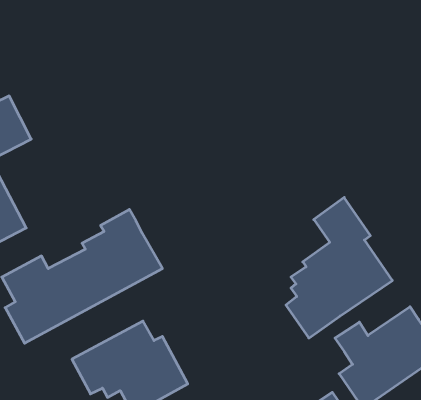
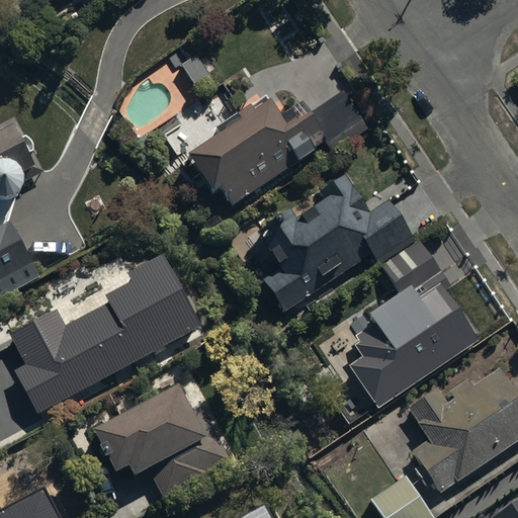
building: none -> [187,89,362,204]
building: none -> [253,173,412,312]

